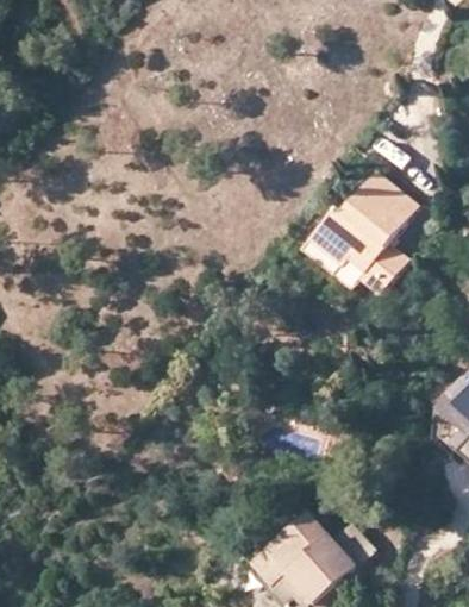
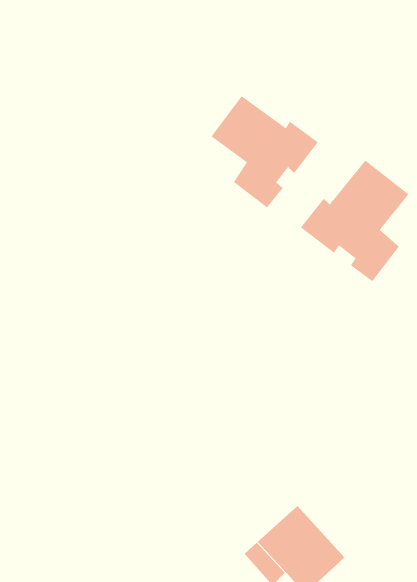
building: none -> [210,95,319,208]

